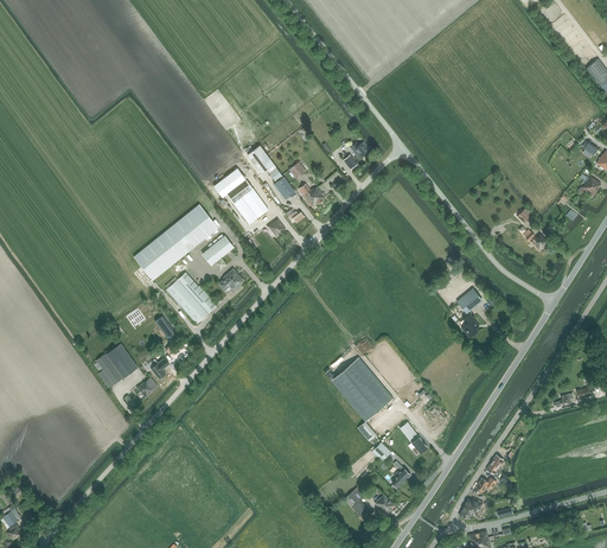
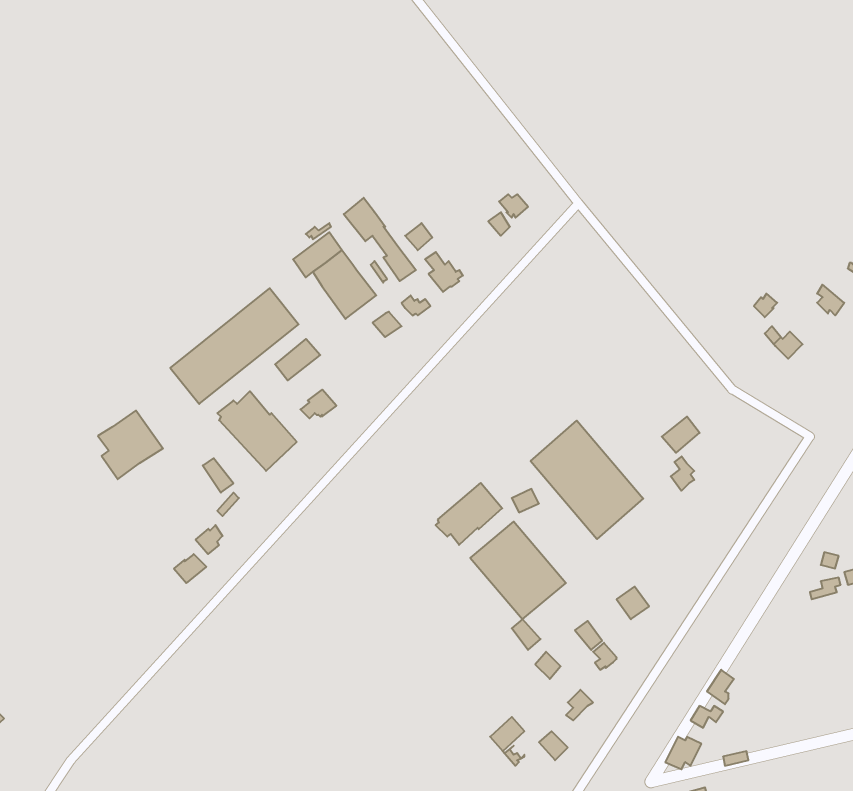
building: none -> [531,421,643,539]
building: none -> [436,483,502,545]
building: [96,343,139,388] -> [98,411,163,479]

